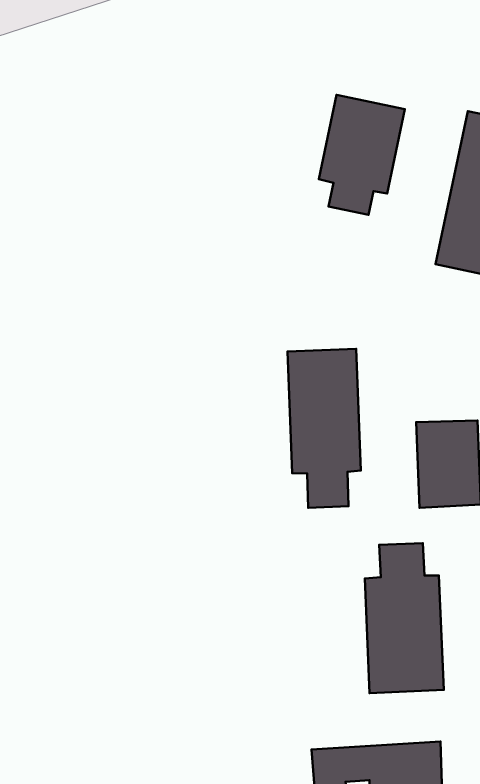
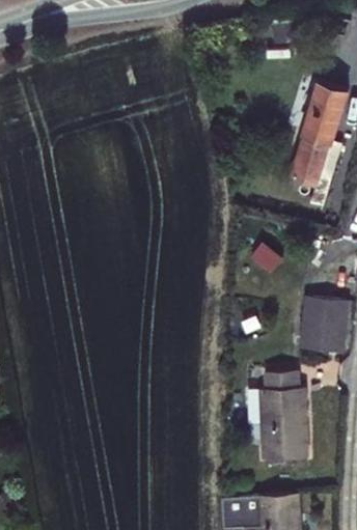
building: [319,95,405,215] -> none
building: [288,349,361,508] -> none

